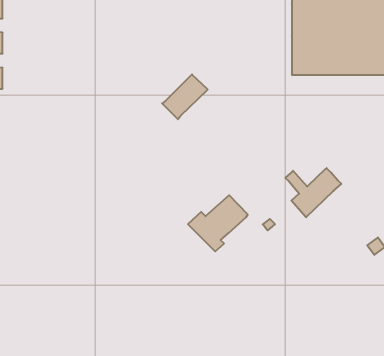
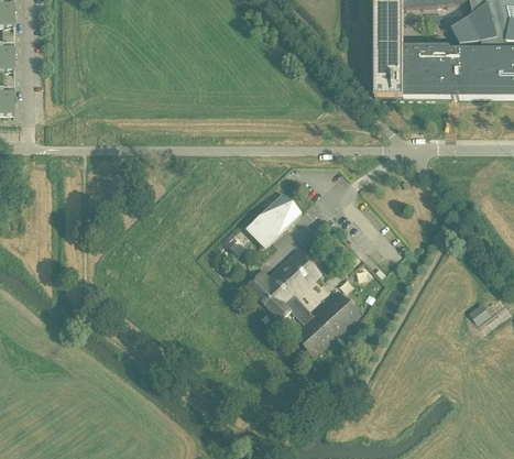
building: [162,74,208,119] -> [247,192,304,248]
building: [285,168,341,217] -> [288,292,359,353]

